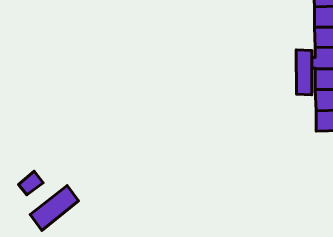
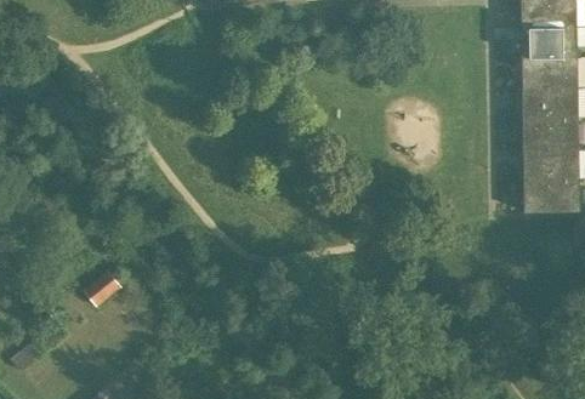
building: [296,50,312,95] -> none
building: [30,186,78,230] -> none

